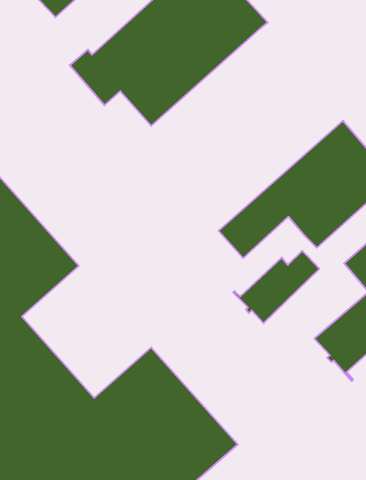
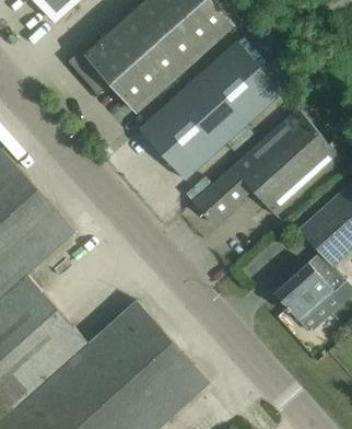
building: none -> [140,42,283,179]
building: [233,251,319,323] -> none

